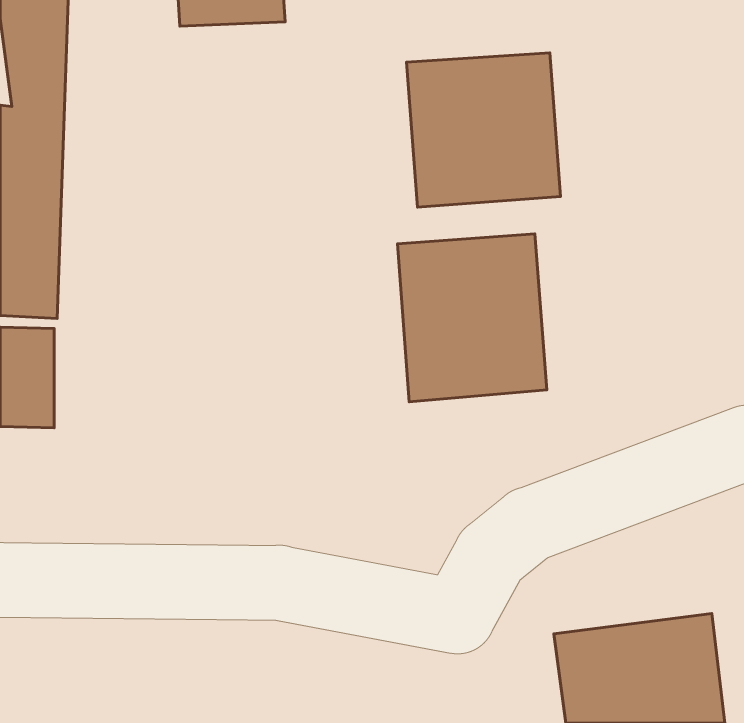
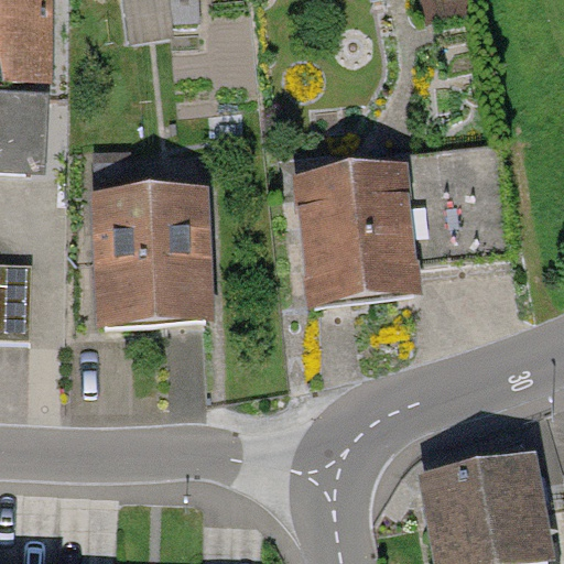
building: [406,53,560,207] -> none
building: none -> [87,195,208,324]

